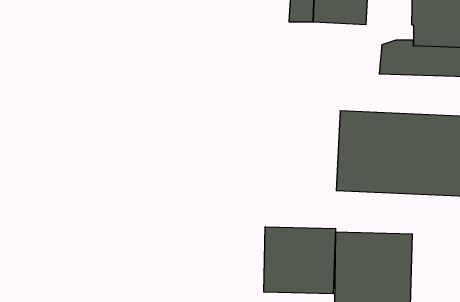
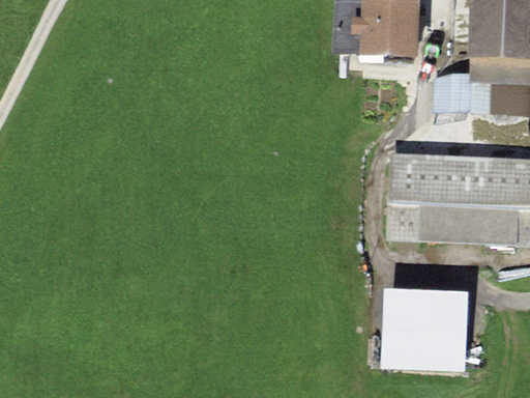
building: [264,227,336,294] -> none

